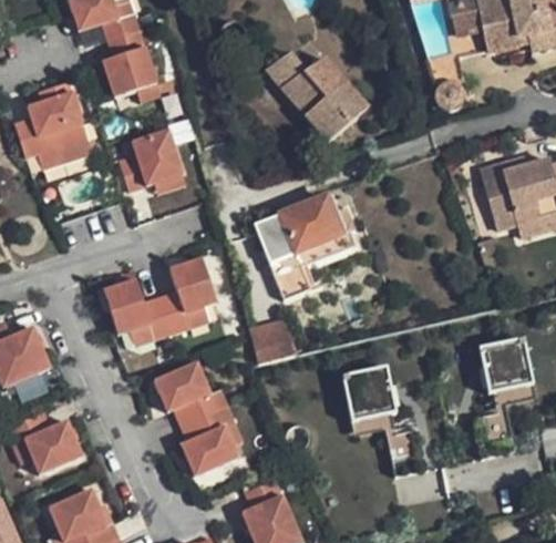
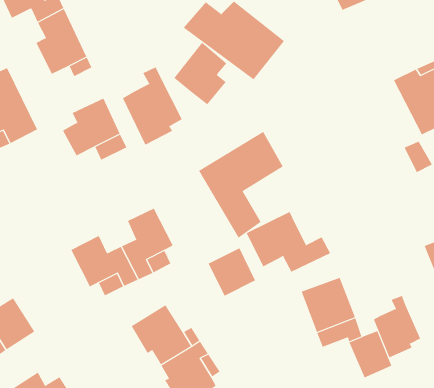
building: none -> [174,42,227,105]
building: none -> [122,67,183,145]
building: none -> [246,211,331,273]
building: none -> [373,295,421,358]

